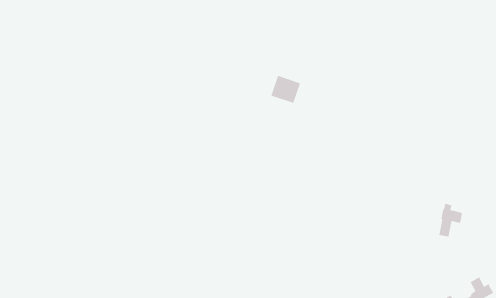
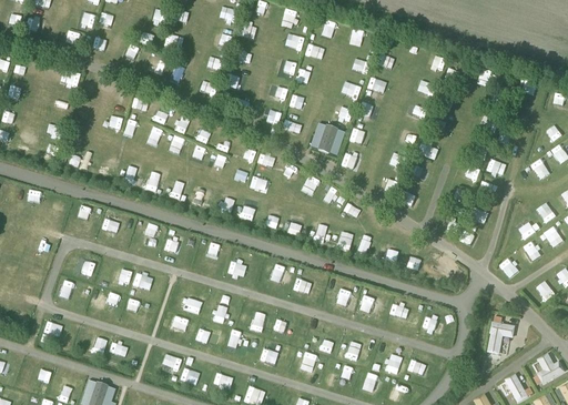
building: [439,203,463,237] -> [487,315,515,354]

